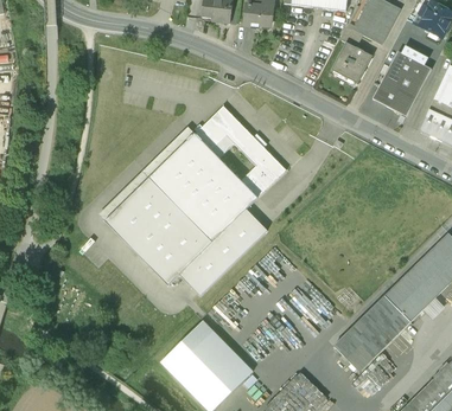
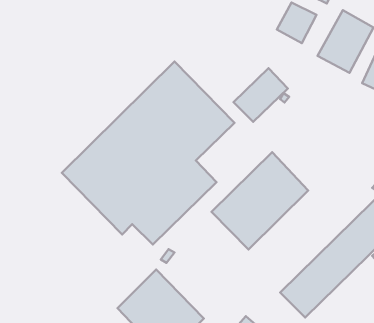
building: none -> [234,68,288,122]
building: none -> [211,152,308,250]

